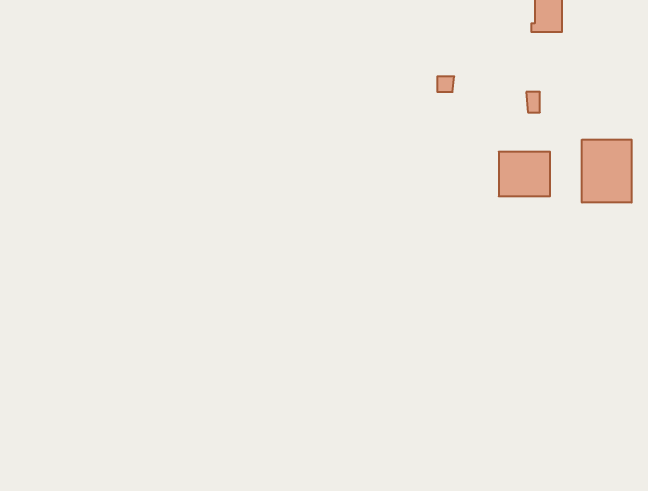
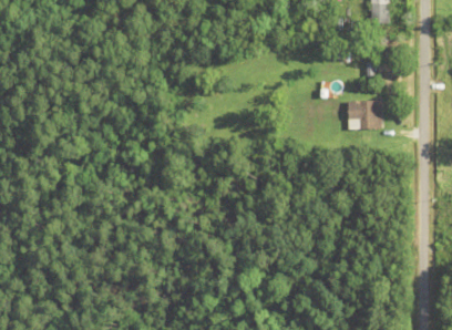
building: [582,140,632,203] -> none

